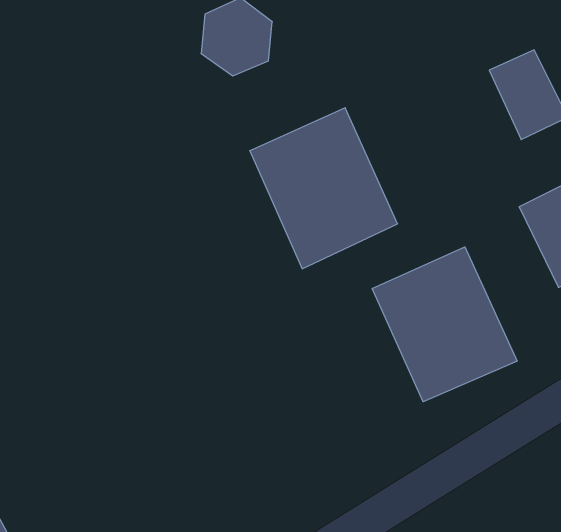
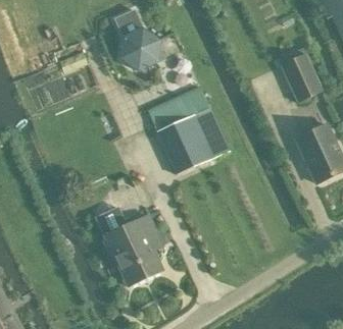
building: [372,247,517,402] -> none
building: none -> [94,206,161,284]

